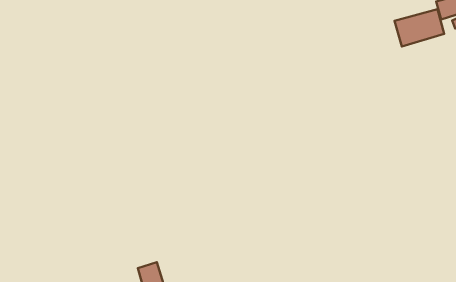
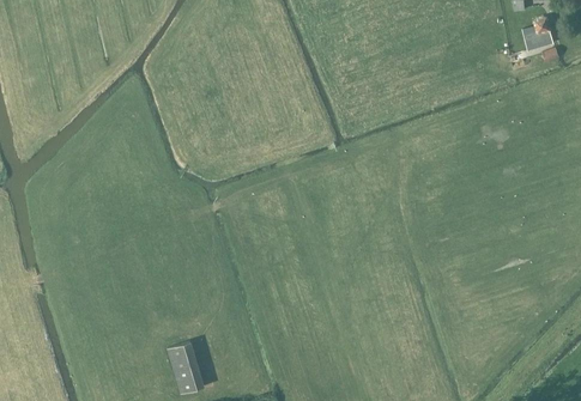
building: [395,9,444,46] -> none

